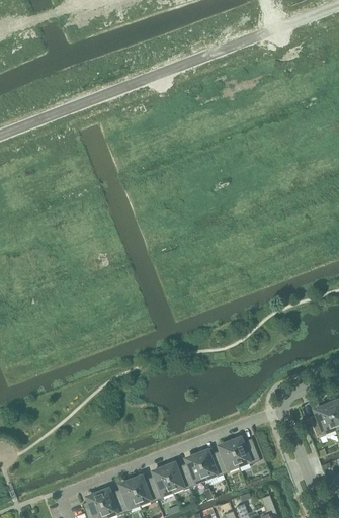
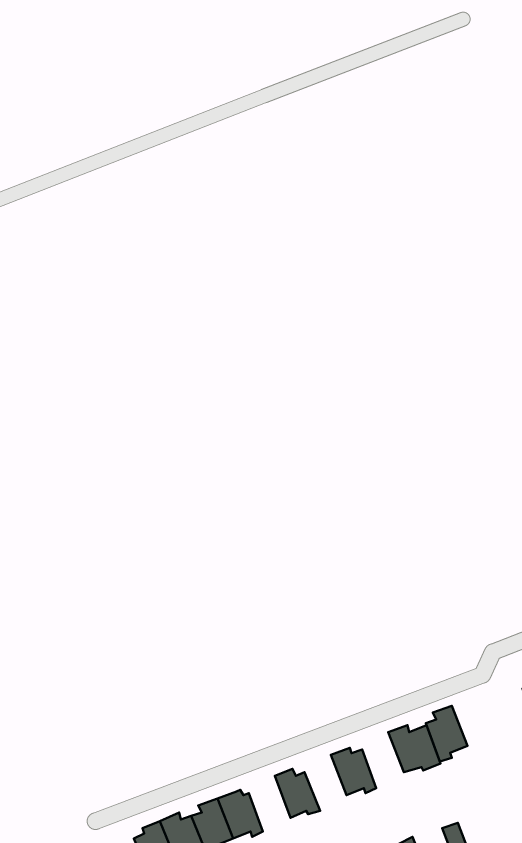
building: [216,440,240,472] -> [426,706,468,761]
building: [182,453,206,486] -> none
building: [150,465,174,498] -> none

